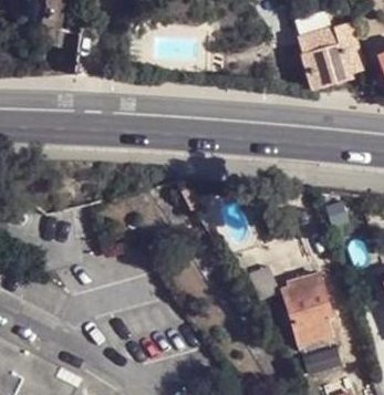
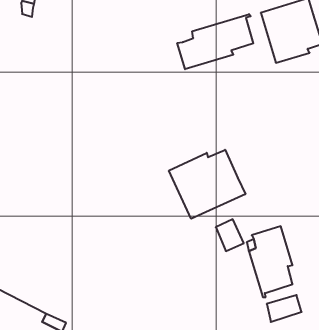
building: none -> [177,14,253,69]
building: none -> [169,150,245,219]

